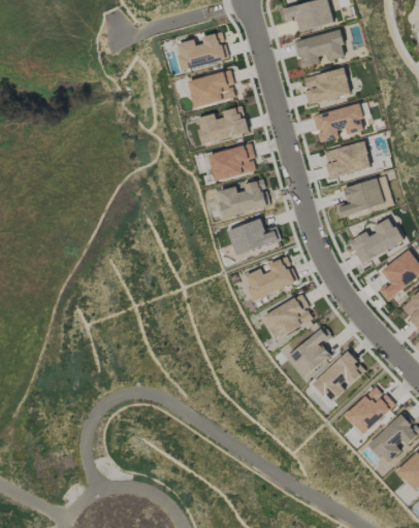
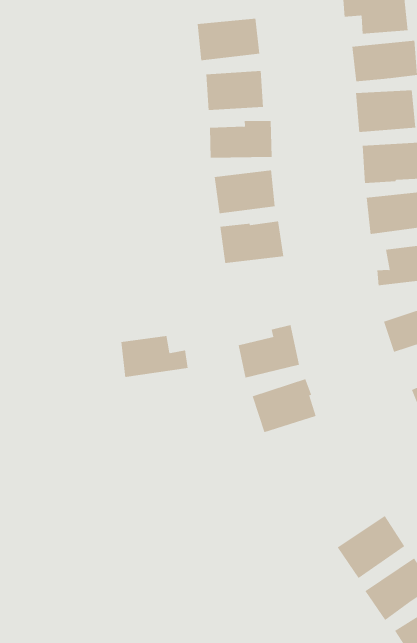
building: [227,220,281,256] -> [120,336,188,377]
building: [285,328,330,378] -> none
building: [312,353,363,403] -> none

